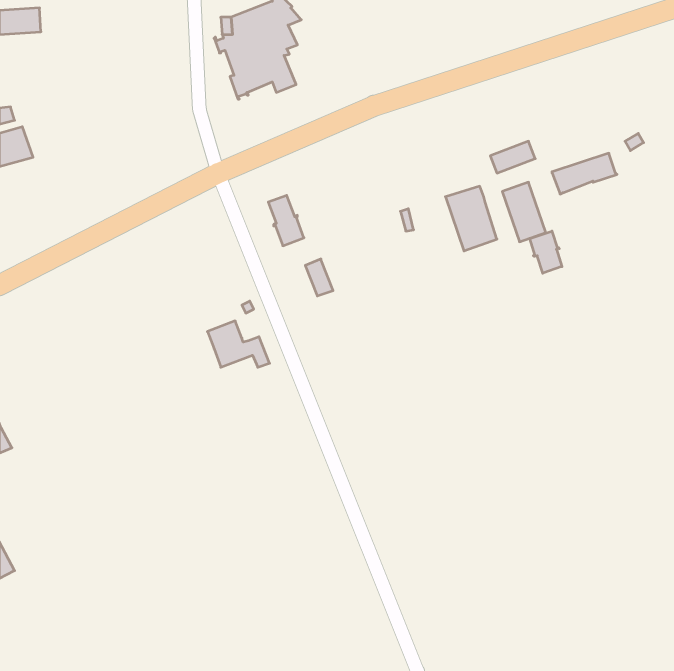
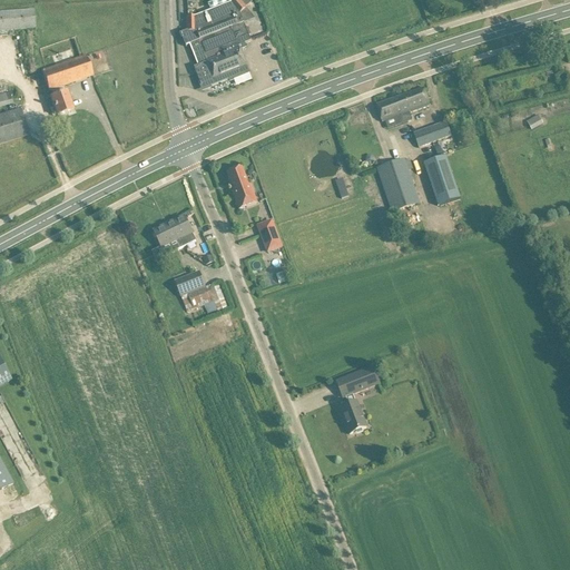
building: none -> [40,52,92,114]
building: [552,153,617,194] -> [375,86,430,120]
building: [530,231,562,273] -> none
building: none -> [154,215,195,253]
building: none -> [336,365,377,432]

